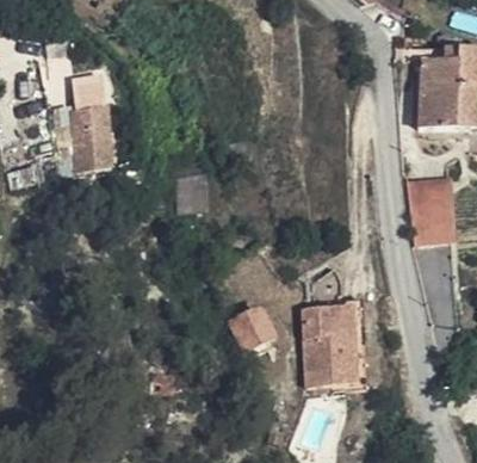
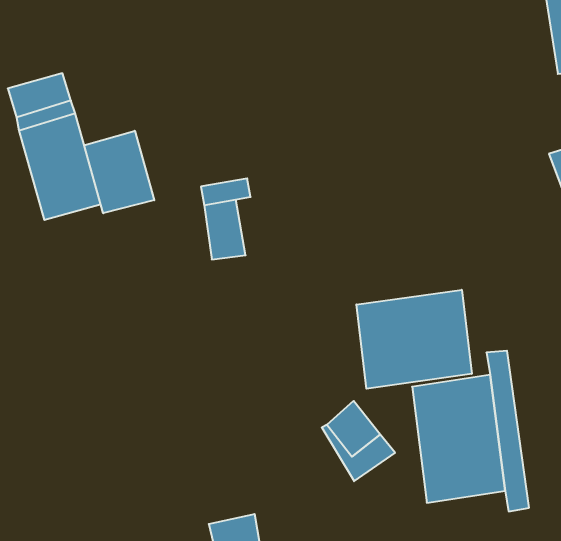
building: none -> [84,131,154,213]
building: none -> [356,290,472,389]

